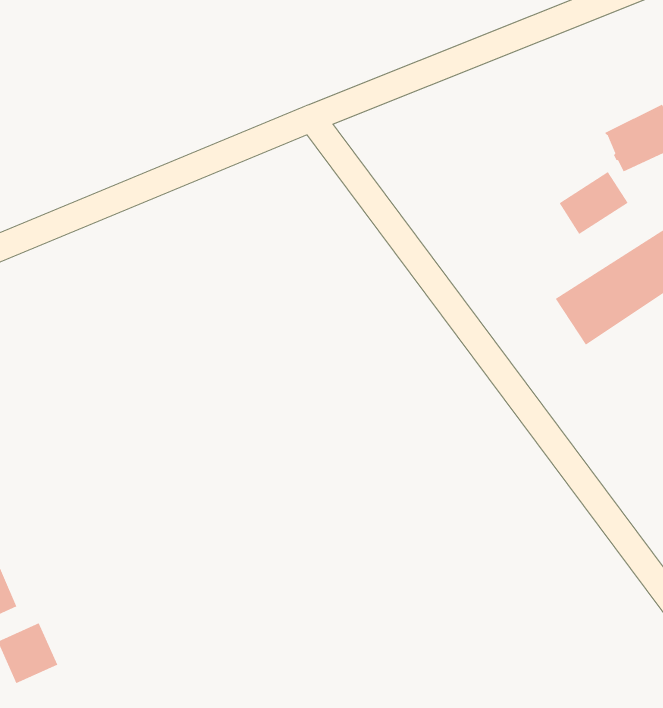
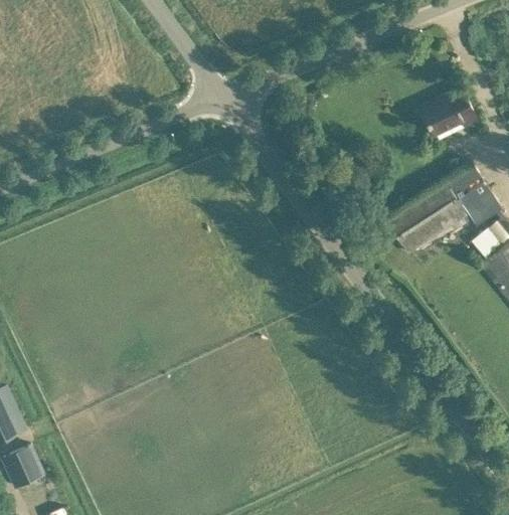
building: [559,171,628,235] -> none

